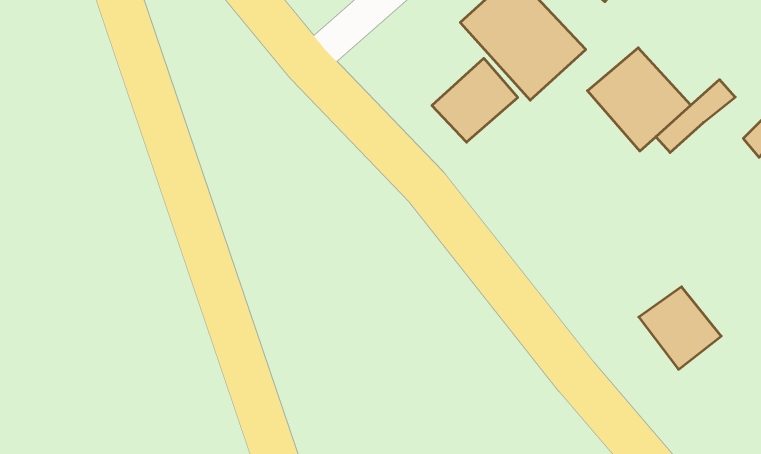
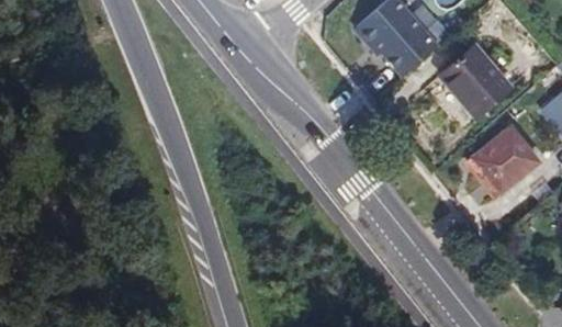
building: [432,58,518,142] -> none
building: [639,287,721,369] -> [476,132,533,189]

